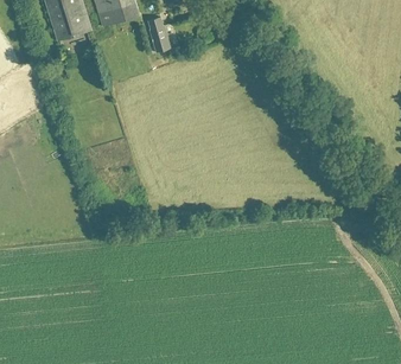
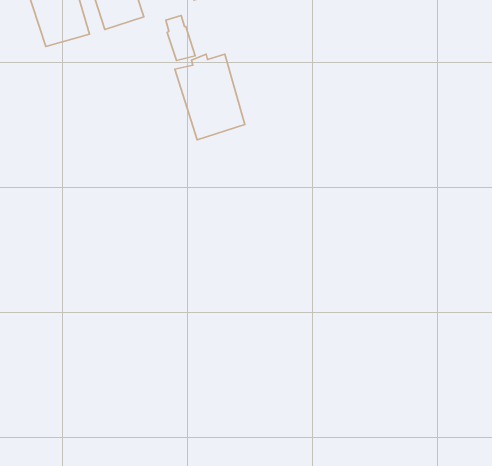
building: none -> [175,54,245,140]

